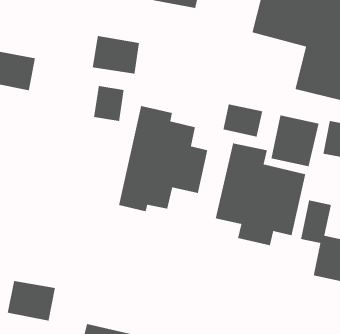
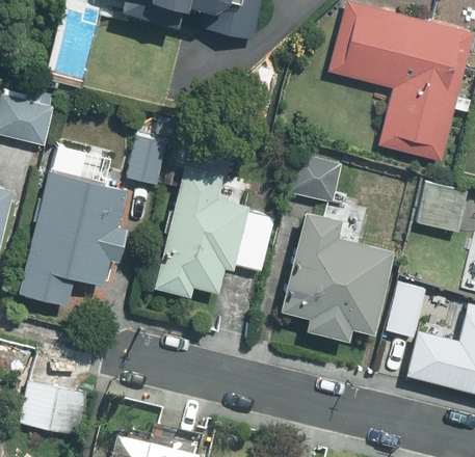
building: [92,35,140,75] -> none
building: none -> [21,168,130,308]
building: [270,115,320,167] -> none

